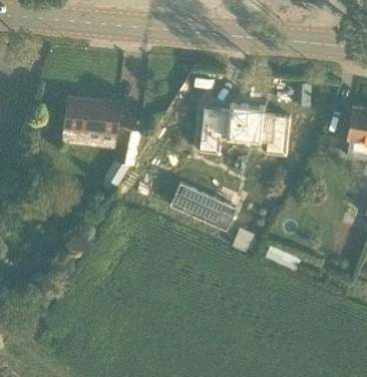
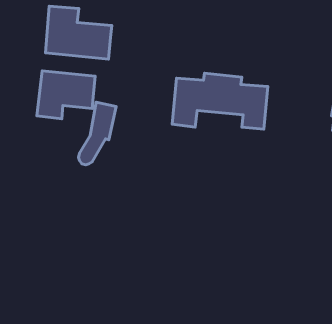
building: none -> [46,6,112,59]
building: [174,178,241,226] -> none

